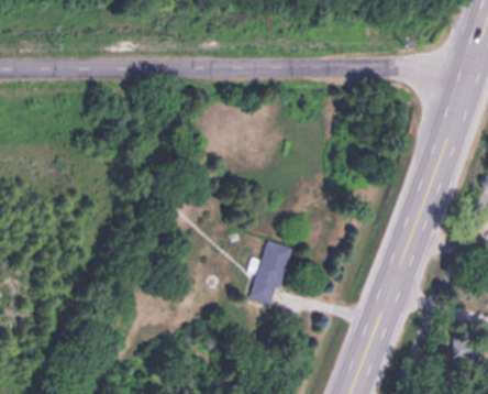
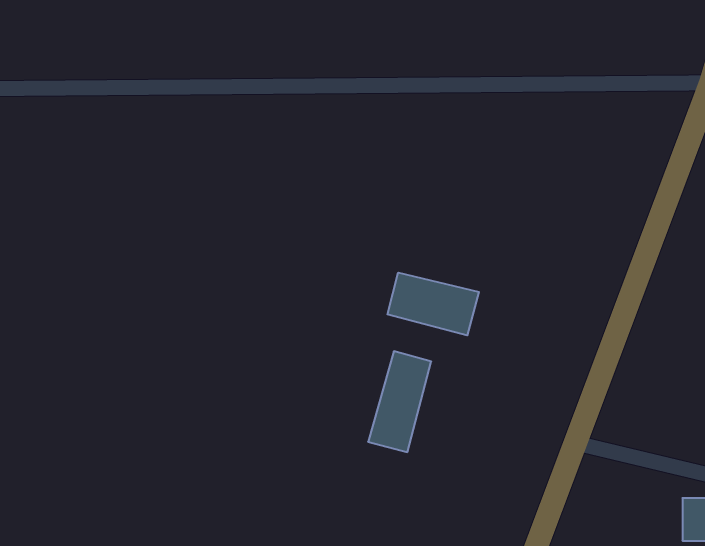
building: none -> [387,273,479,335]

